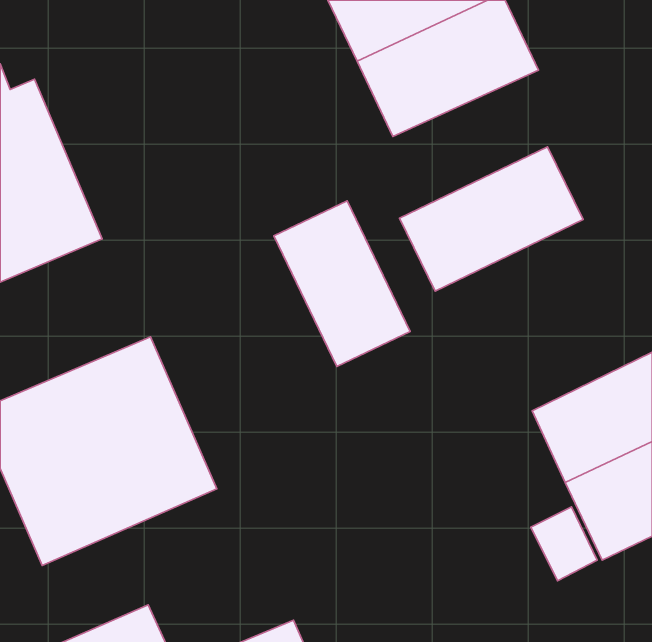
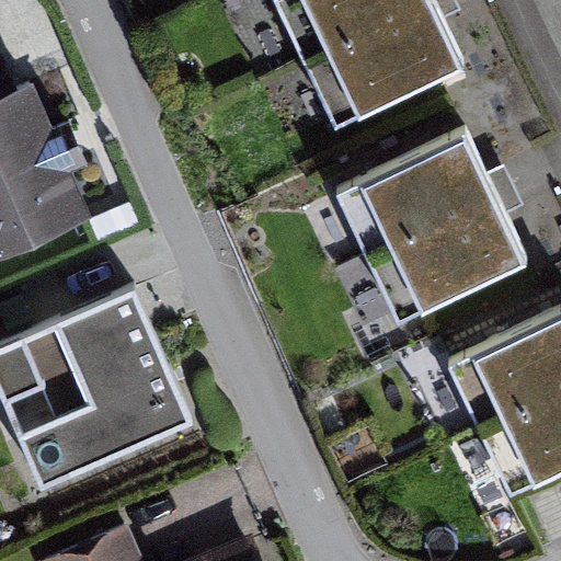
building: [274,201,410,366] -> none
building: none -> [374,197,530,320]

